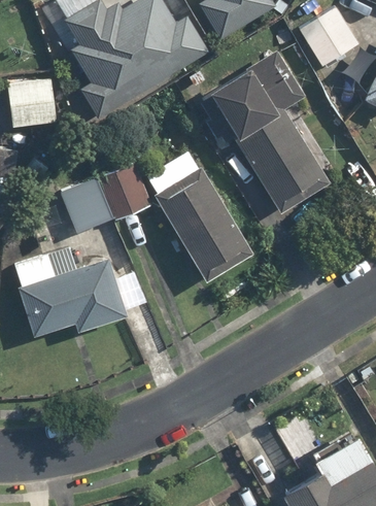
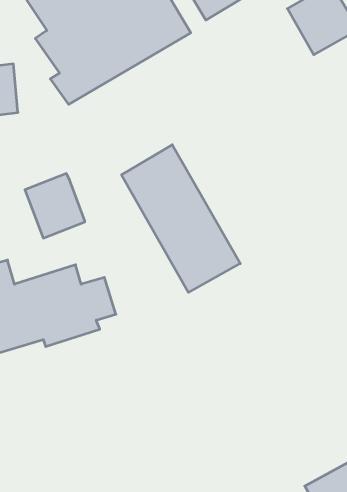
building: [198,52,303,142] -> none
building: [242,117,330,212] -> none
building: [100,169,149,218] -> none

